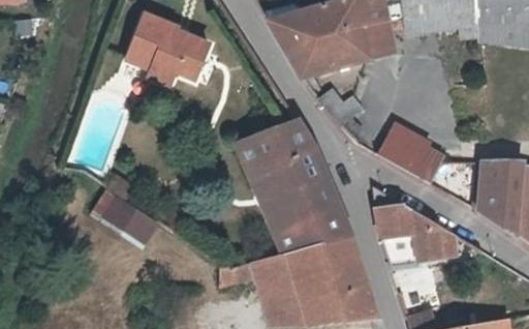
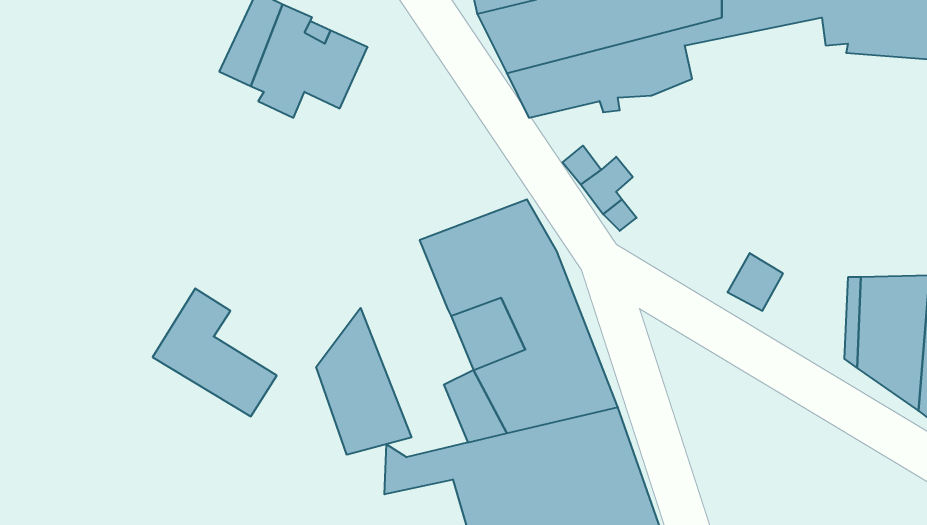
building: [374,131,423,173] -> none
building: none -> [316,308,411,455]
building: [375,189,456,267] -> none

